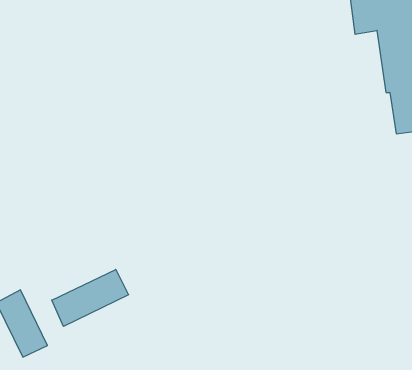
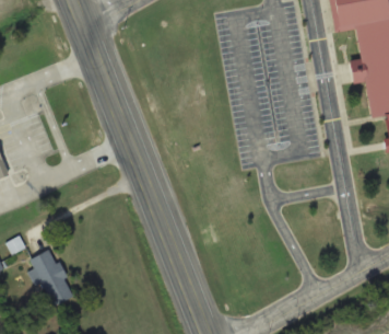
building: [52,269,129,326] -> none

